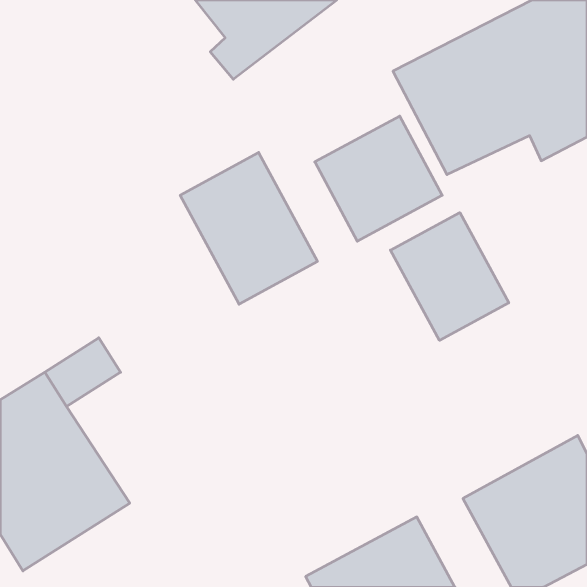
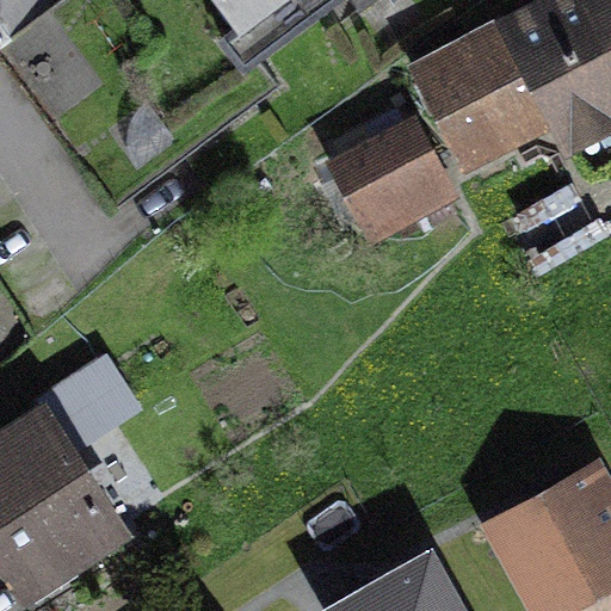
building: [180,152,317,304] -> none
building: [390,213,509,340] -> none

